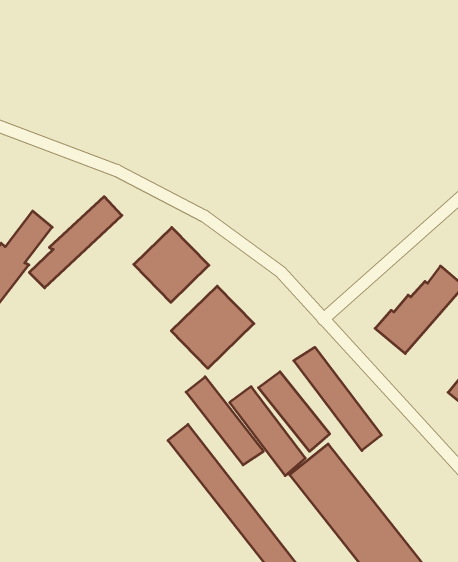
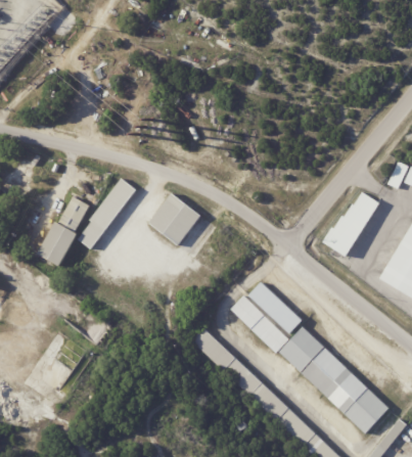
building: [171,286,254,368] -> none
building: [294,347,381,451] -> none
building: [186,377,263,465] -> none

